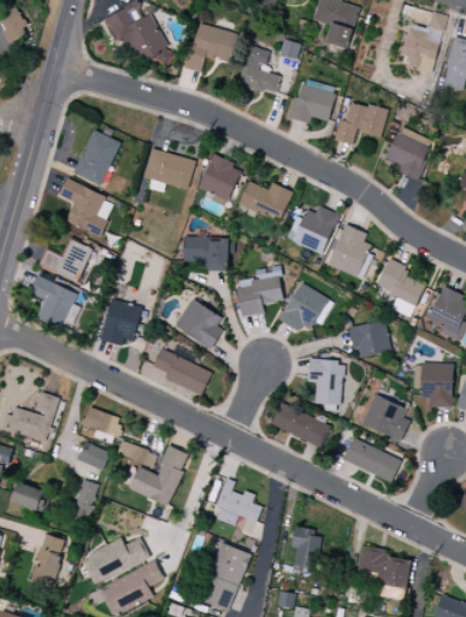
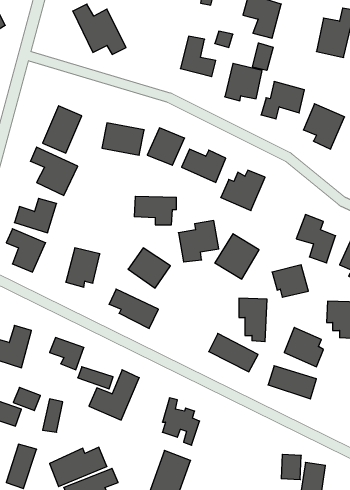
building: [188,24,236,72] -> none
building: none -> [253,43,273,70]
building: [328,224,371,277] -> none
building: [77,442,110,470] -> [13,387,40,411]
building: [290,527,320,569] -> none

